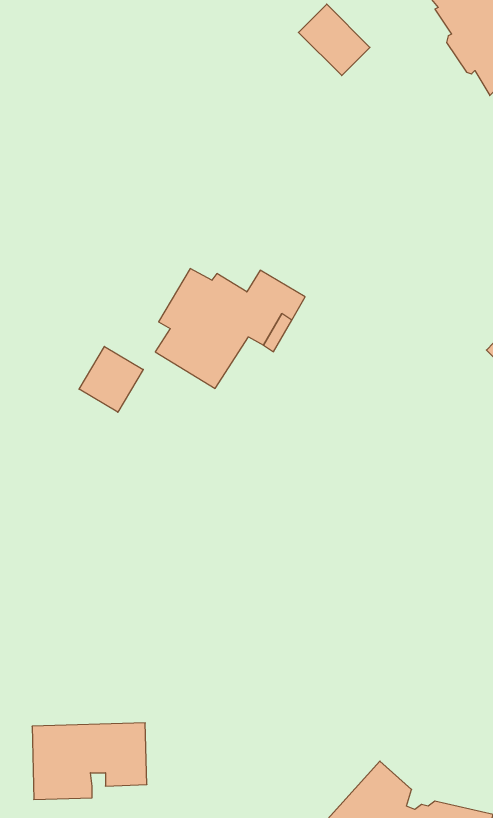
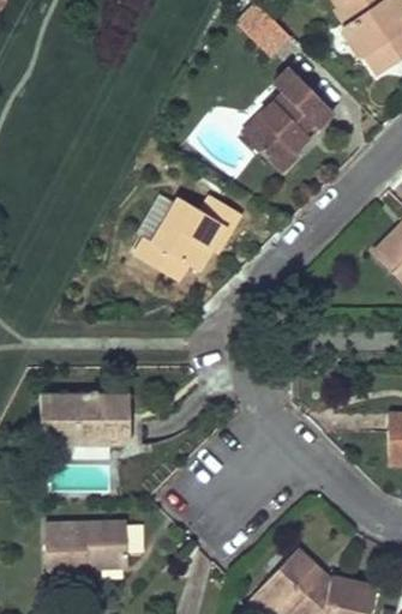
building: none -> [242,67,334,173]
building: [79,346,143,412] -> none
building: none -> [41,393,122,444]

